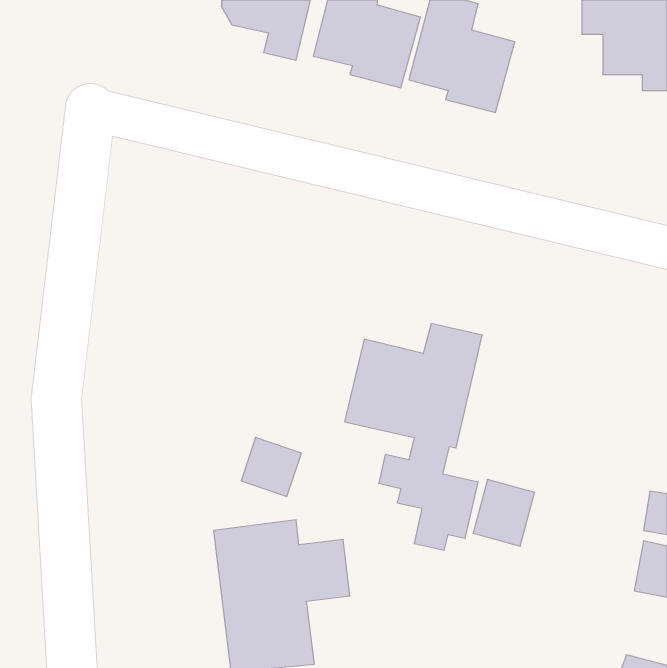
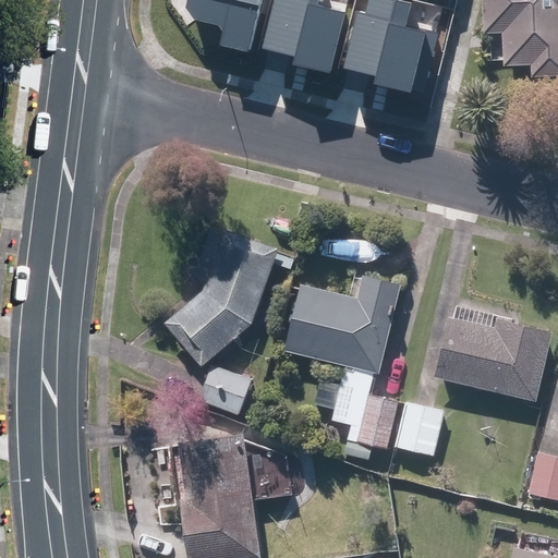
building: none -> [166,228,280,365]
building: none -> [437,315,550,400]

